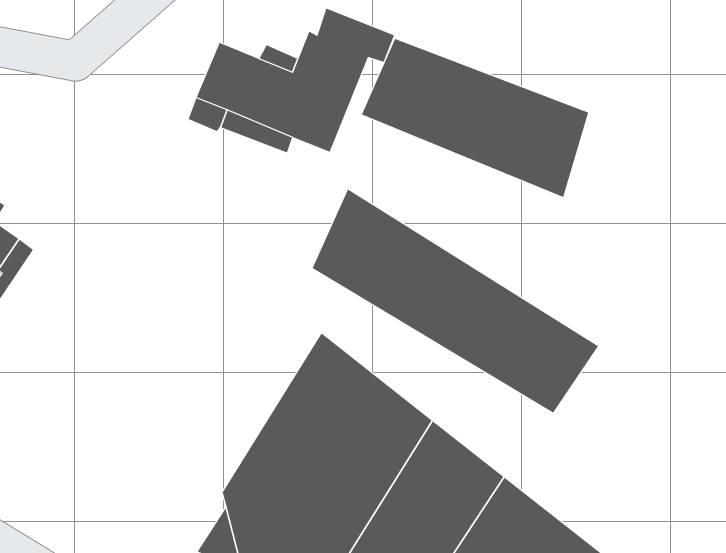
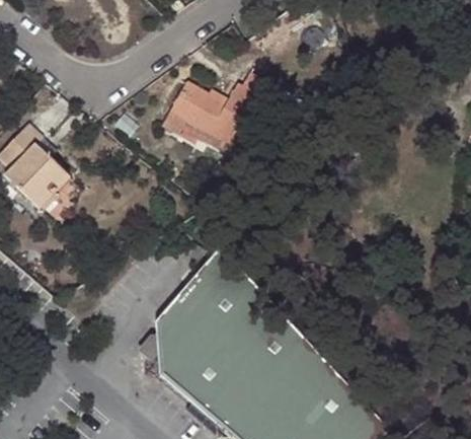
building: [361,38,589,198] -> none
building: [312,189,599,414] -> none

